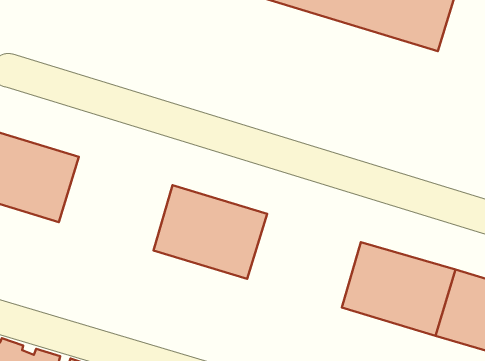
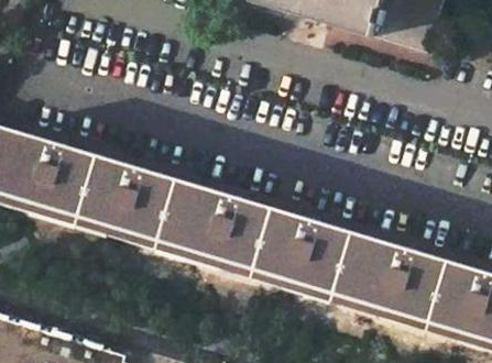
building: none -> [69,153,175,240]
building: none -> [244,206,350,293]

